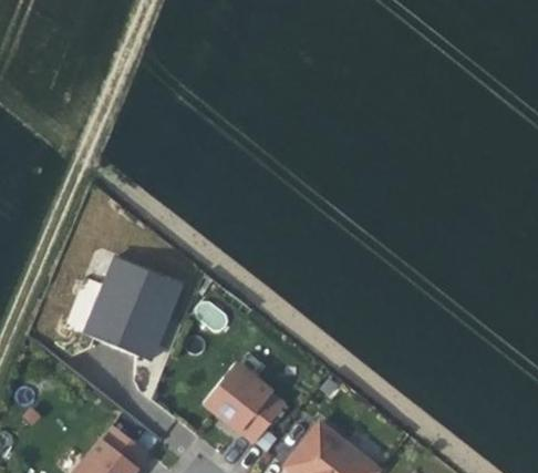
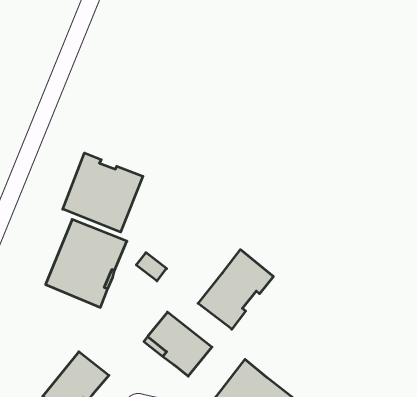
building: none -> [63,153,143,232]
building: none -> [198,250,273,329]

